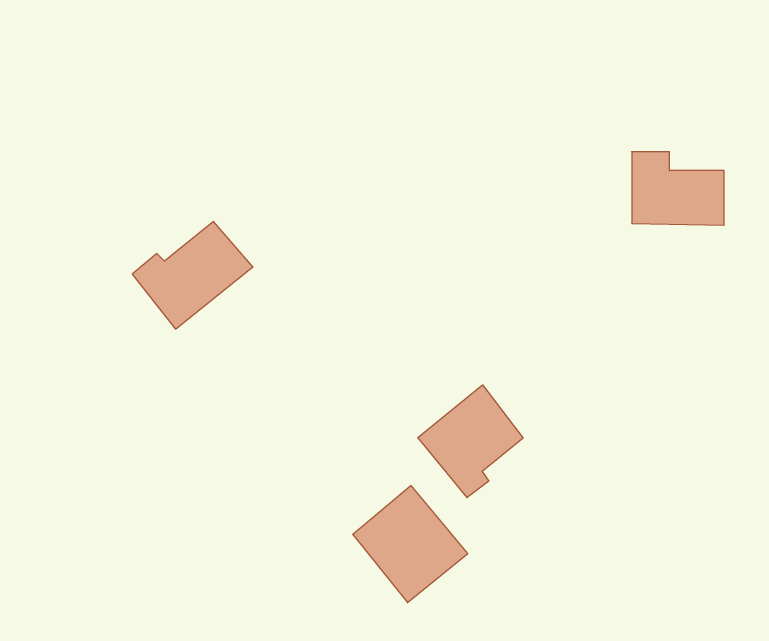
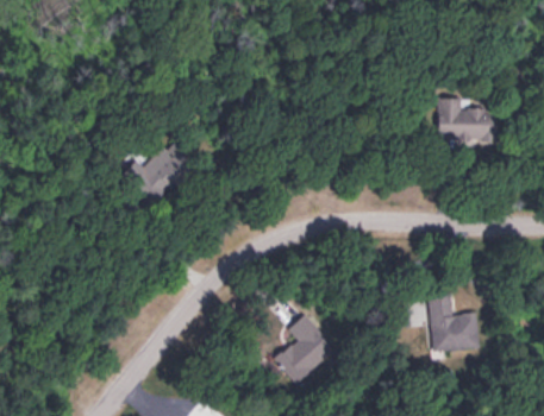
building: [418,385,523,498] -> none
building: none -> [427,294,477,352]

